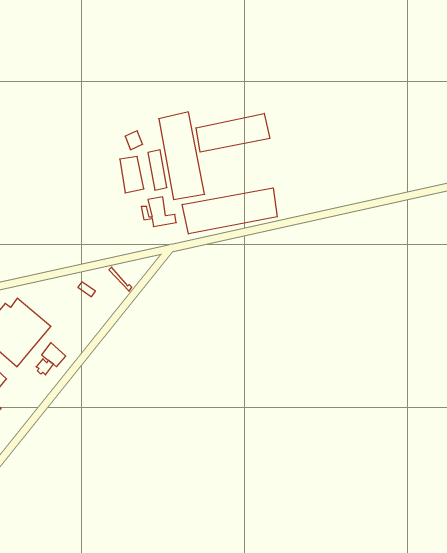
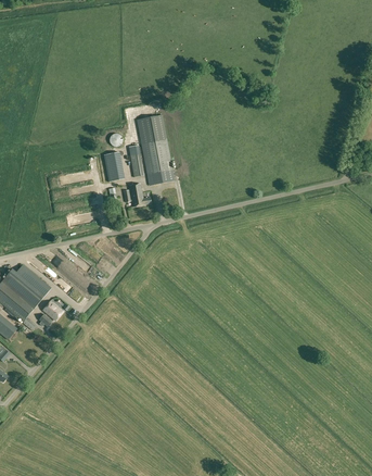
building: [196,113,270,152] -> none
building: [182,188,277,234] -> none

